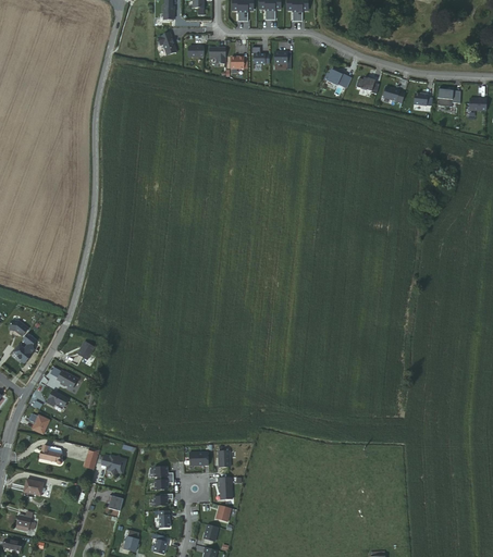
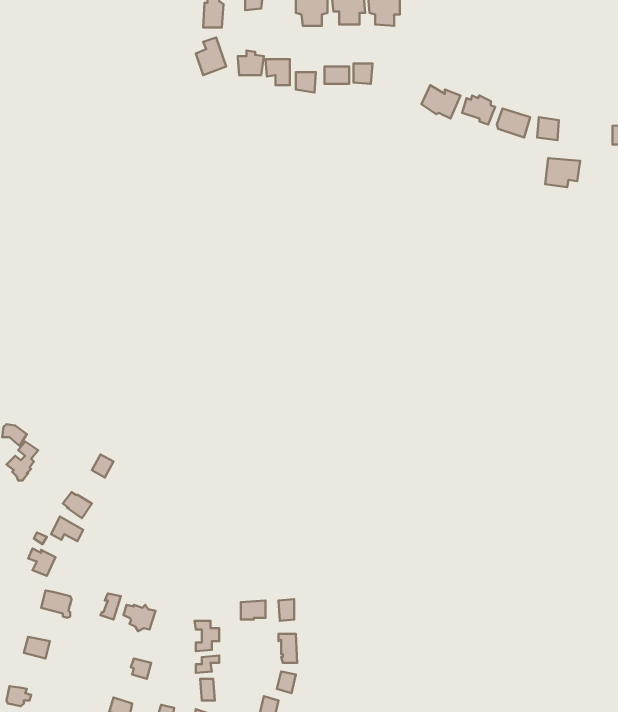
building: [435,86,461,108] -> [545,158,580,187]

